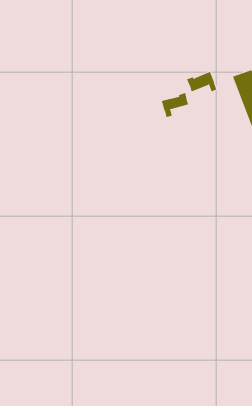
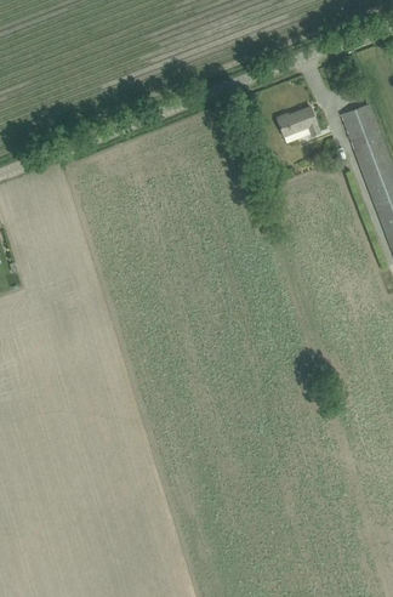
building: [161,92,189,118] -> none

